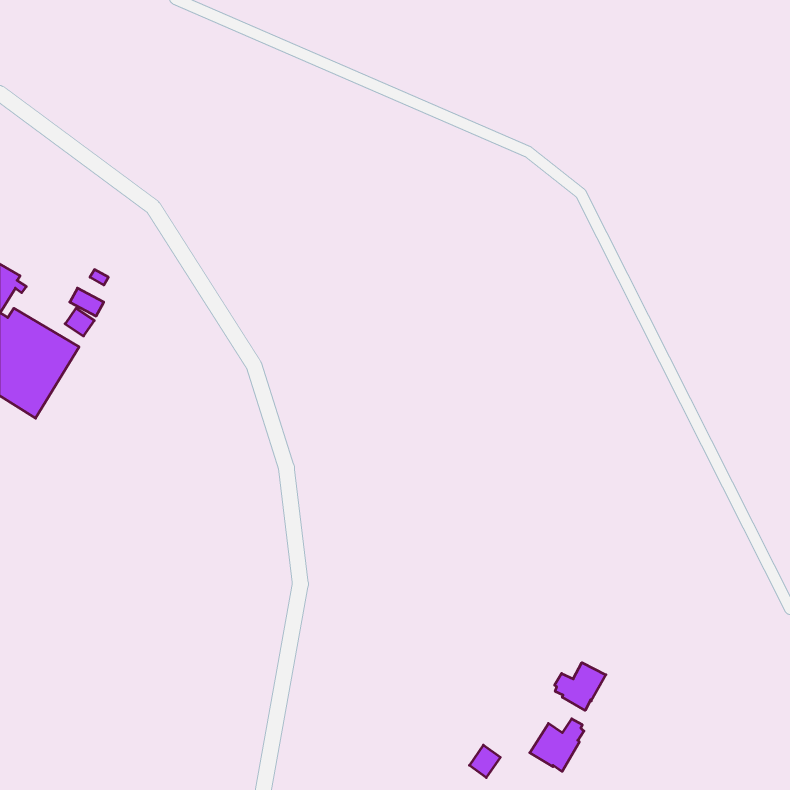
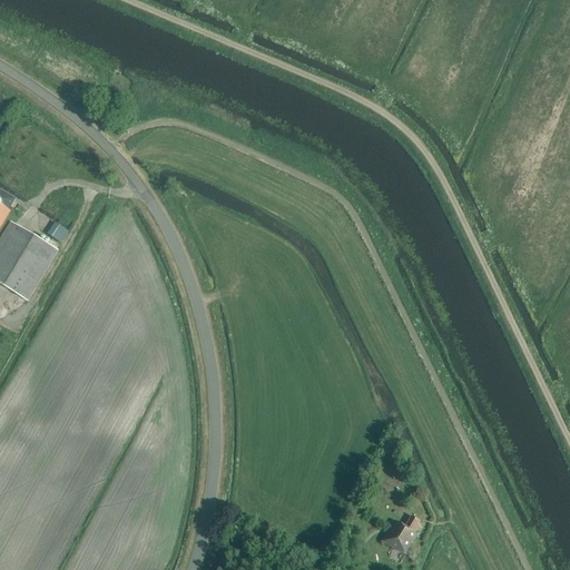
building: [555,663,606,710] -> none

